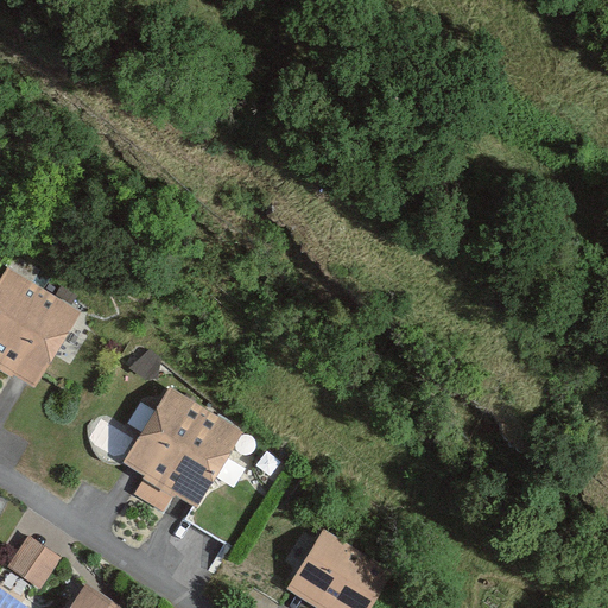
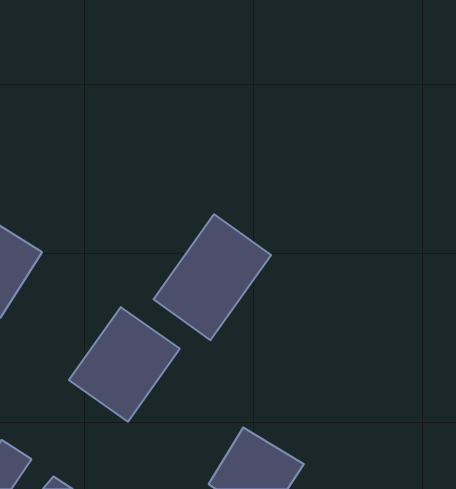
building: none -> [154,214,271,340]

